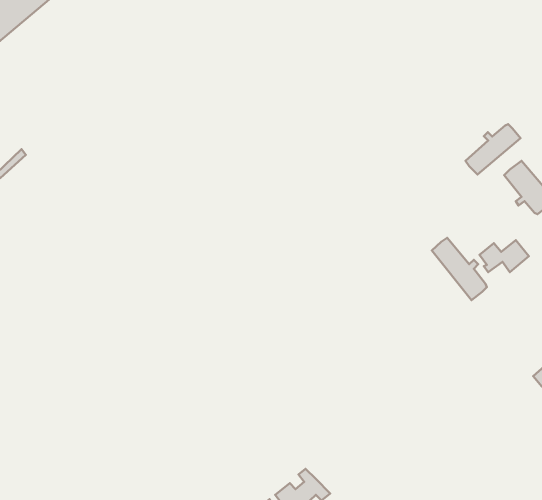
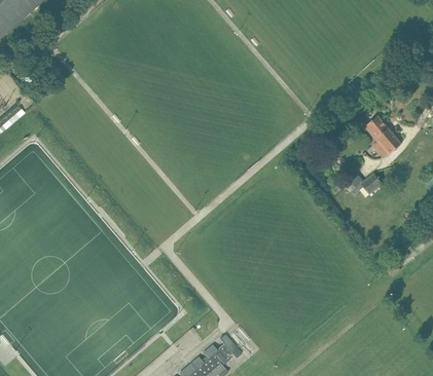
building: [465,124,520,175] -> none
building: [432,238,487,300] -> none

